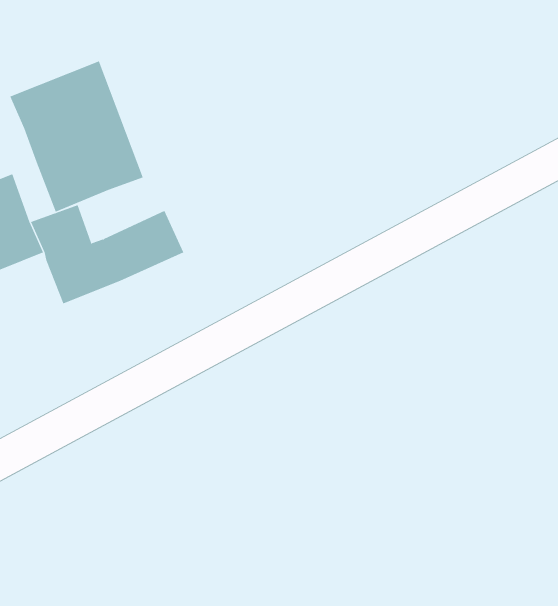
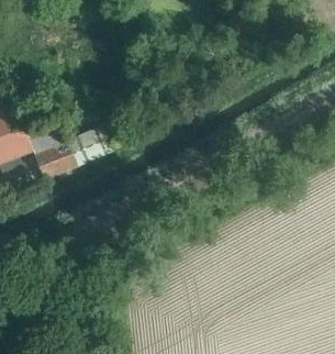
building: [10,60,144,213] -> none

